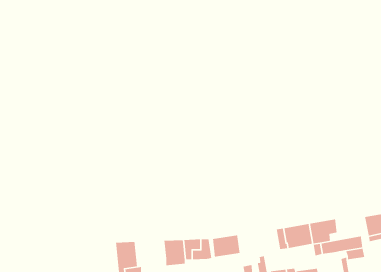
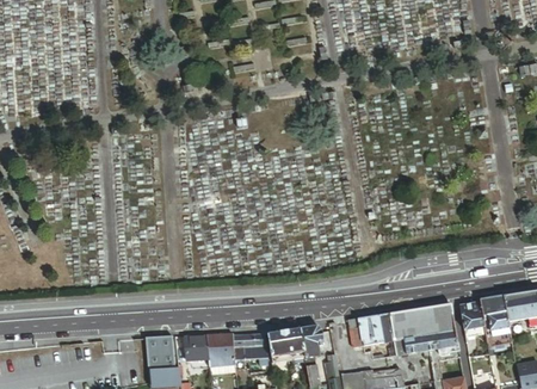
building: none -> [416,302,456,335]
building: none -> [301,323,325,358]
building: none -> [183,334,210,359]

